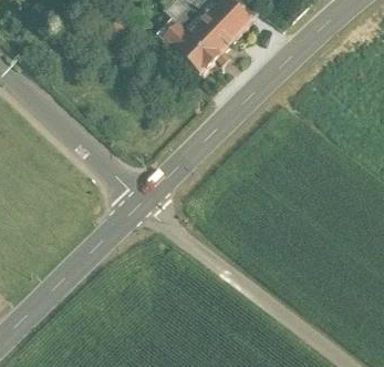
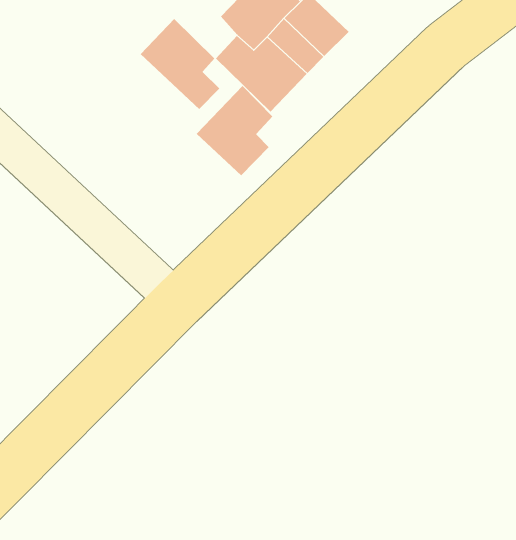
building: none -> [140,18,220,110]
building: none -> [196,85,273,176]

